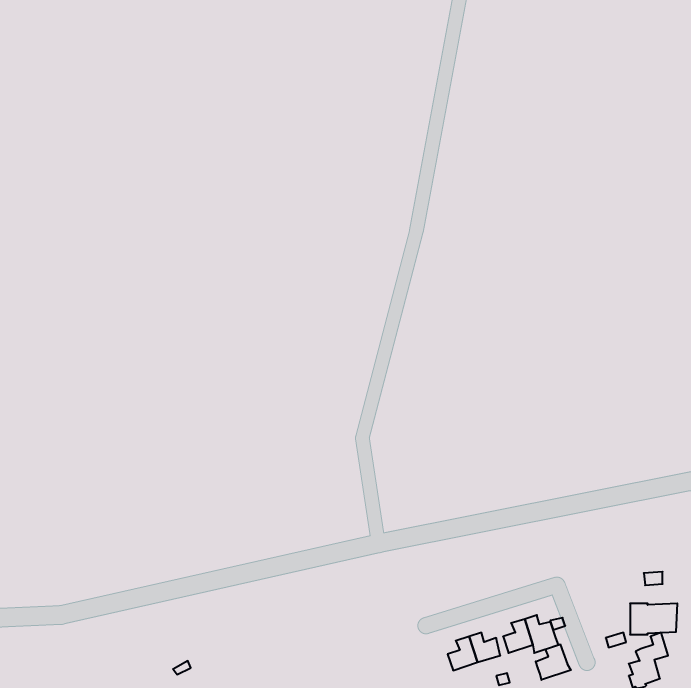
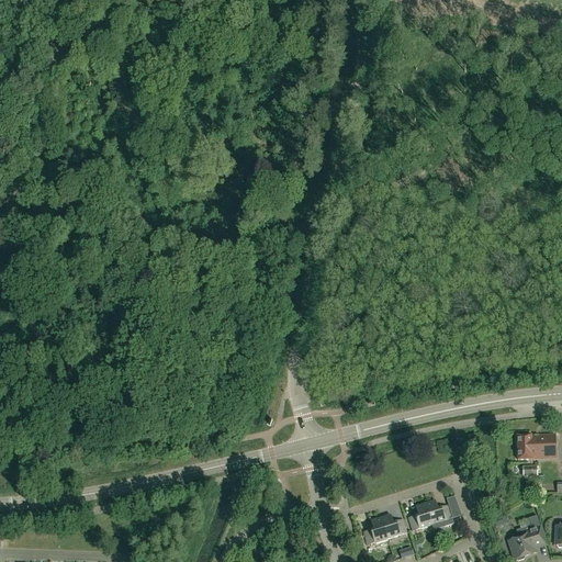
building: [630,603,677,635] -> [517,434,555,459]
building: [536,644,571,680] -> none

